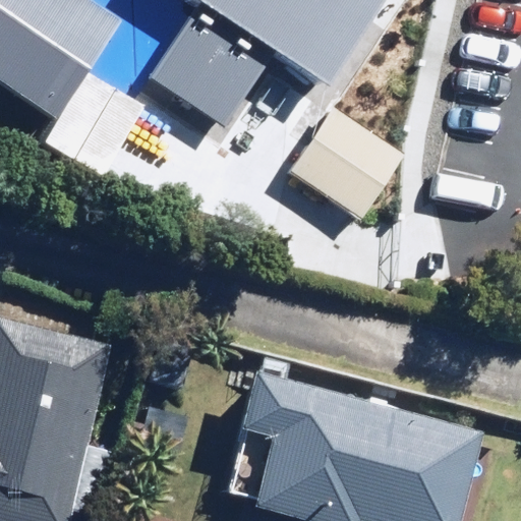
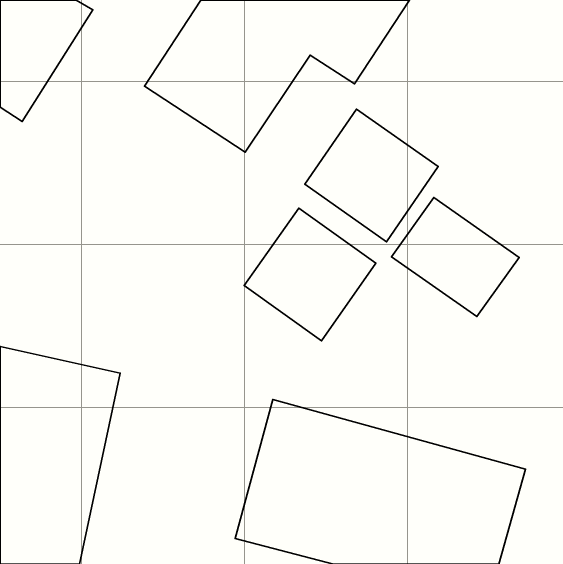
building: none -> [391,198,519,317]
building: none -> [244,208,376,341]

